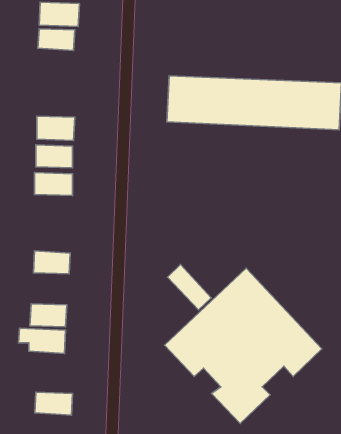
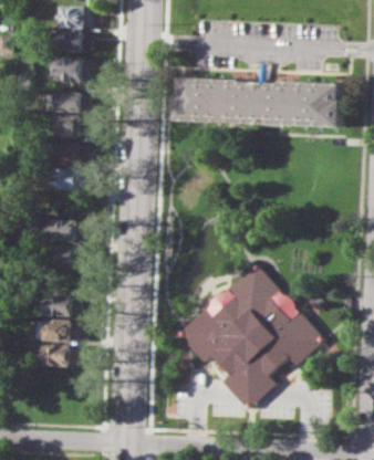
building: none -> [49,58,90,81]
building: none -> [48,92,87,111]
building: none -> [48,219,83,242]
building: [167,265,211,310] -> none
building: [35,392,73,415] -> [40,345,76,367]

